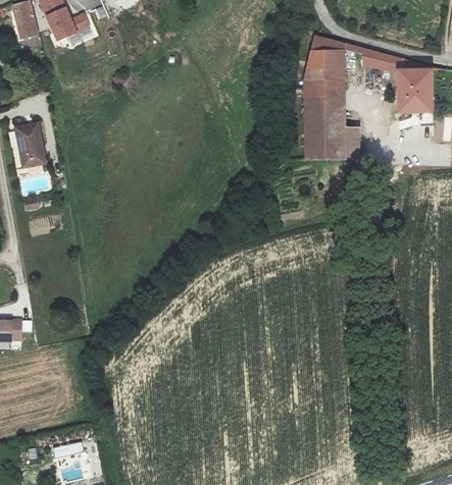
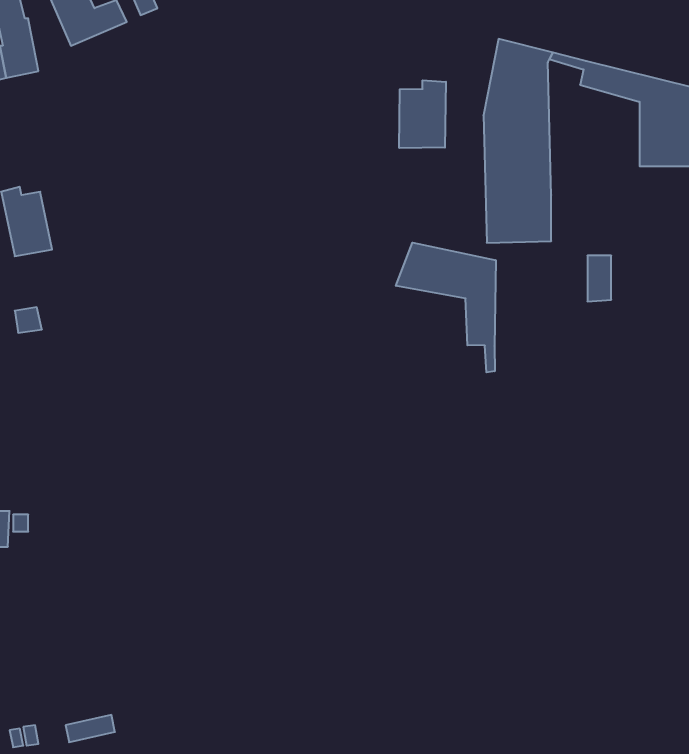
building: none -> [399,80,446,148]
building: [345,129,359,157] -> [587,256,611,301]
building: none -> [396,243,496,372]

